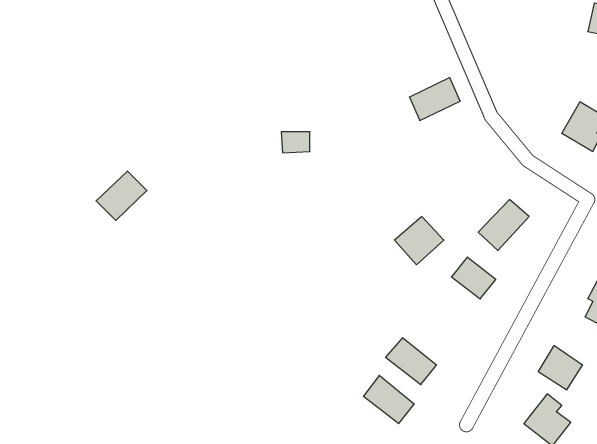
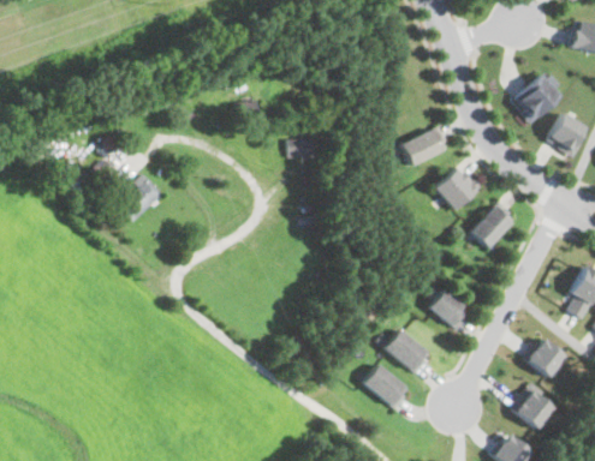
building: none -> [512,73,560,121]
building: [409,78,460,121] -> [401,125,448,164]
building: [394,217,444,265] -> [433,164,478,209]
building: [451,257,496,299] -> [429,288,470,327]

